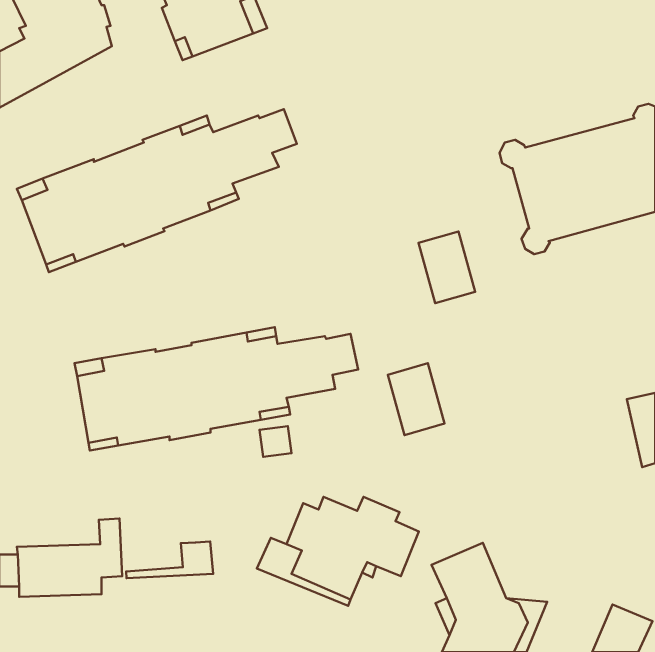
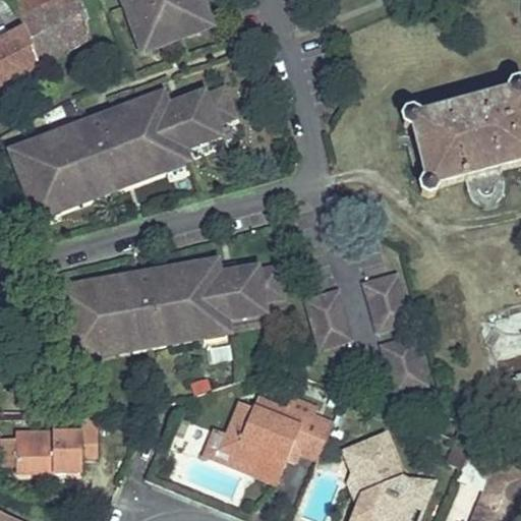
building: [419,231,475,303] -> [366,272,411,329]
building: none -> [384,335,428,391]
building: [126,542,213,578] -> none

